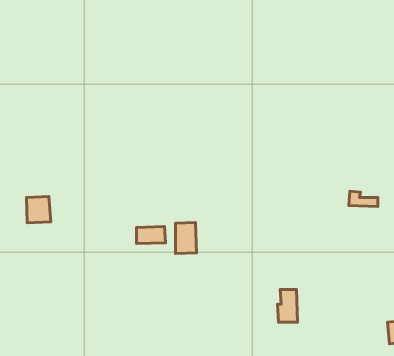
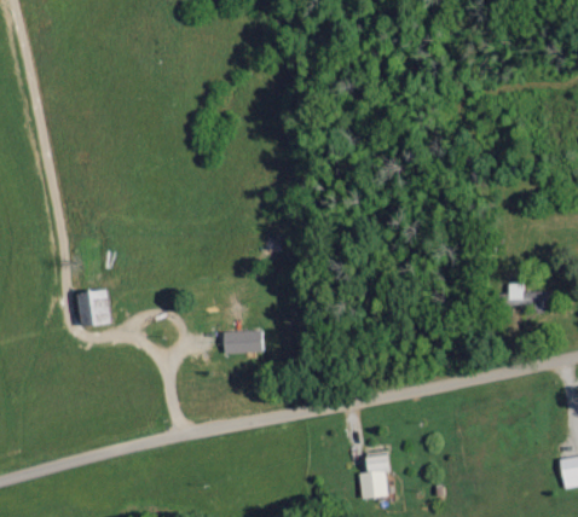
building: [175,222,197,253] -> none
building: [277,290,297,322] -> [362,453,388,496]

